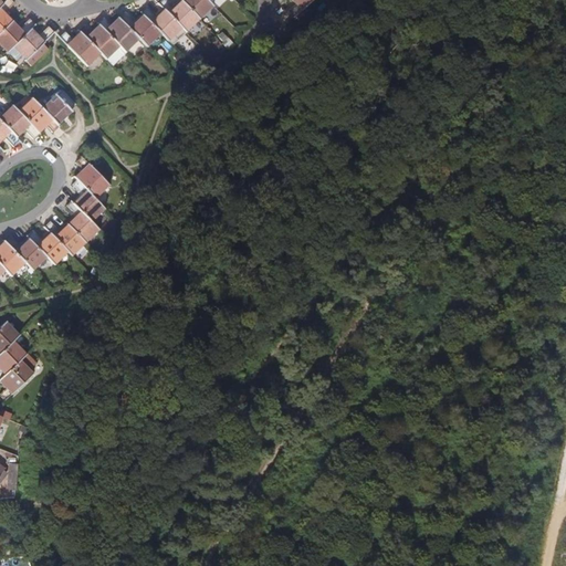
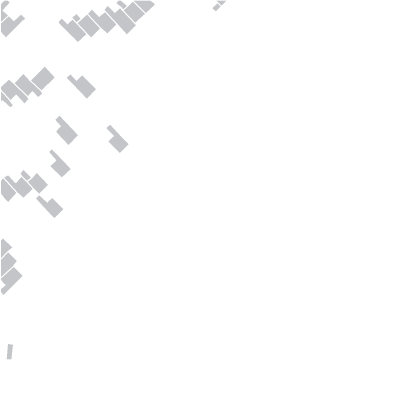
building: [13,27,53,60] -> none
building: [57,31,99,66] -> [66,74,97,100]
building: [71,180,103,221] -> [106,124,130,154]
building: [44,222,84,255] -> [35,195,64,219]

